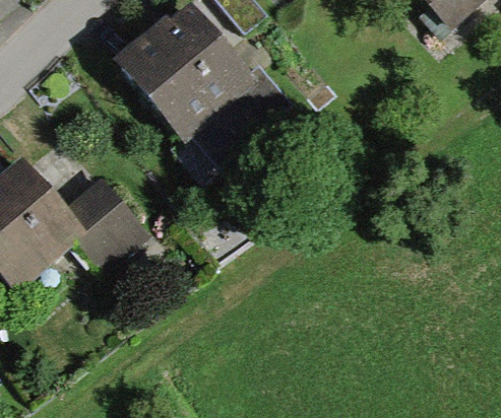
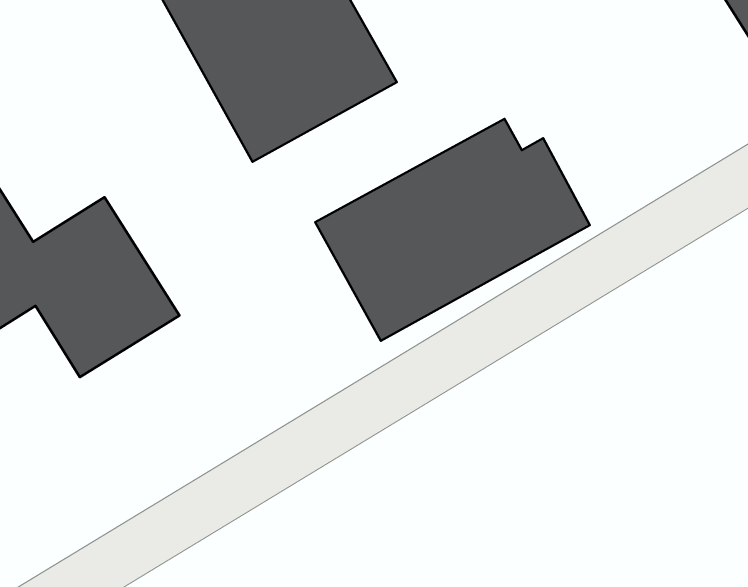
building: none -> [315,119,590,341]

